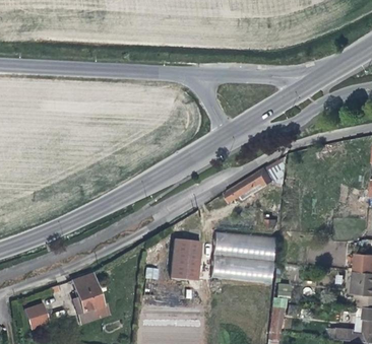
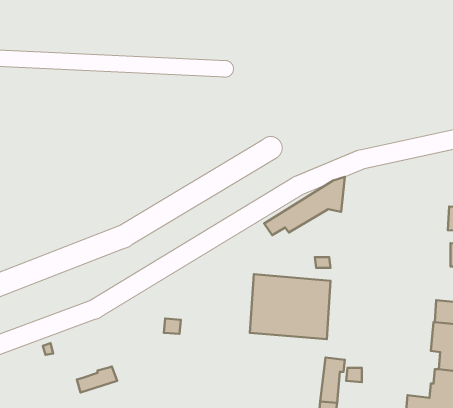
building: [169,239,199,281] -> none
building: [71,275,102,314] -> none
building: [24,304,49,329] -> none

